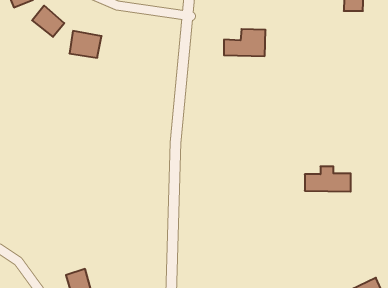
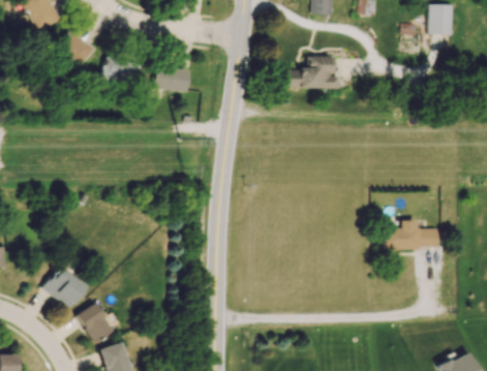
building: none -> [155,68,189,95]
building: none -> [43,267,87,309]
building: none -> [77,303,114,343]

